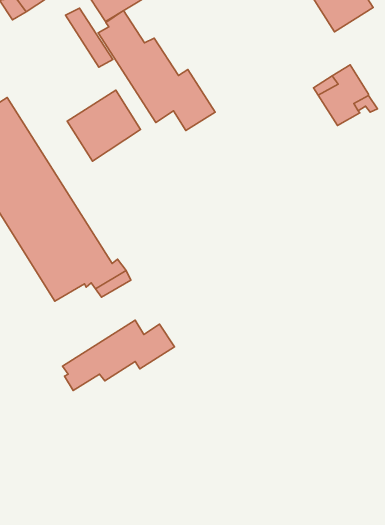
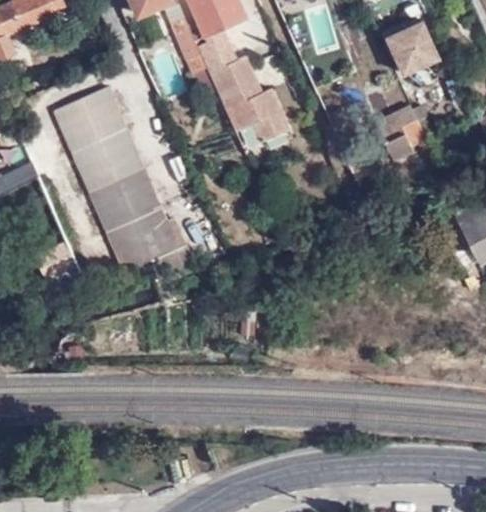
building: [67,90,140,161] -> none
building: [63,320,174,390] -> none

